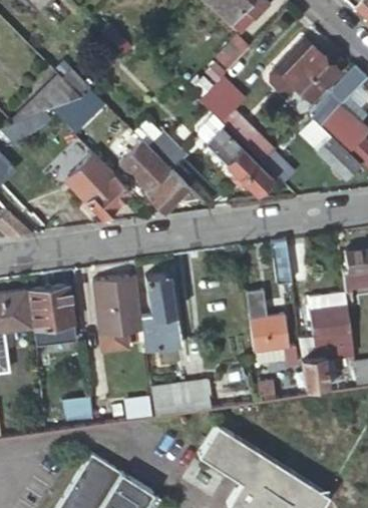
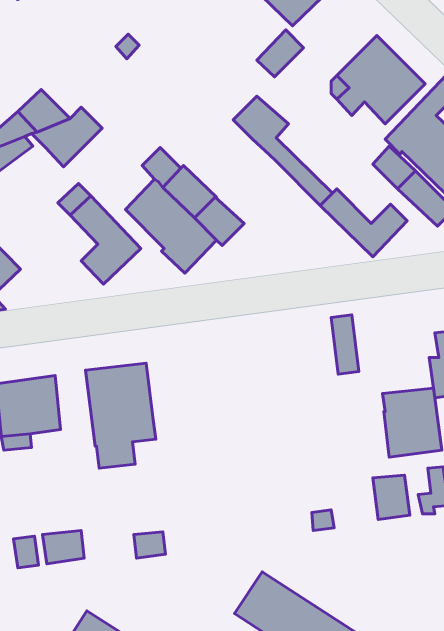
building: [199,113,273,192] -> none
building: [141,273,179,352] -> none
building: [246,289,298,365] -> none
building: [151,381,208,410] -> none

